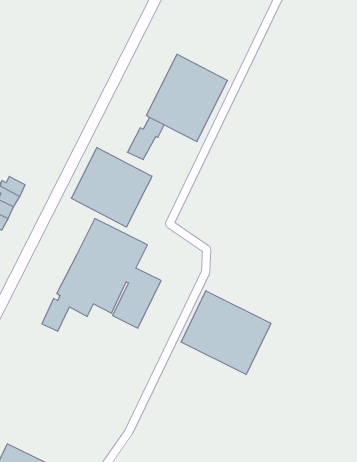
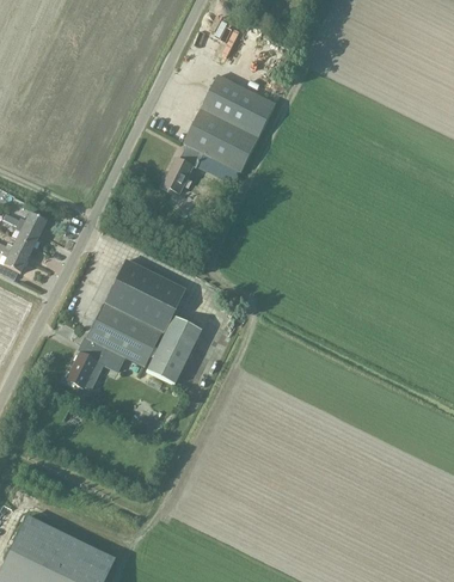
building: [71,147,152,227] -> none
building: [181,291,271,375] -> none

